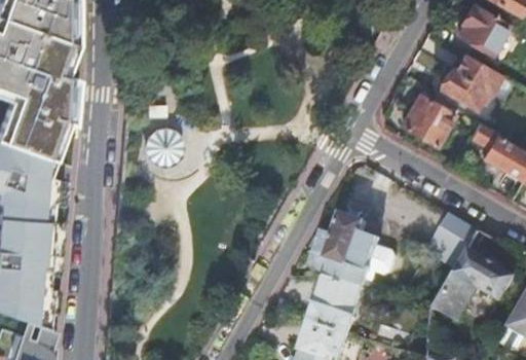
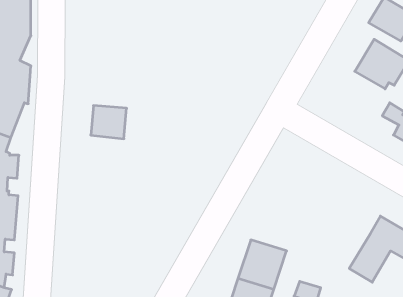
building: [402,89,456,148] -> none
building: [311,206,398,299] -> none
building: [427,213,479,268] -> none

